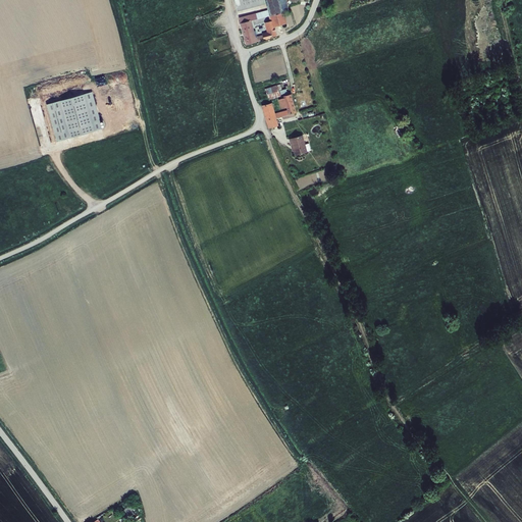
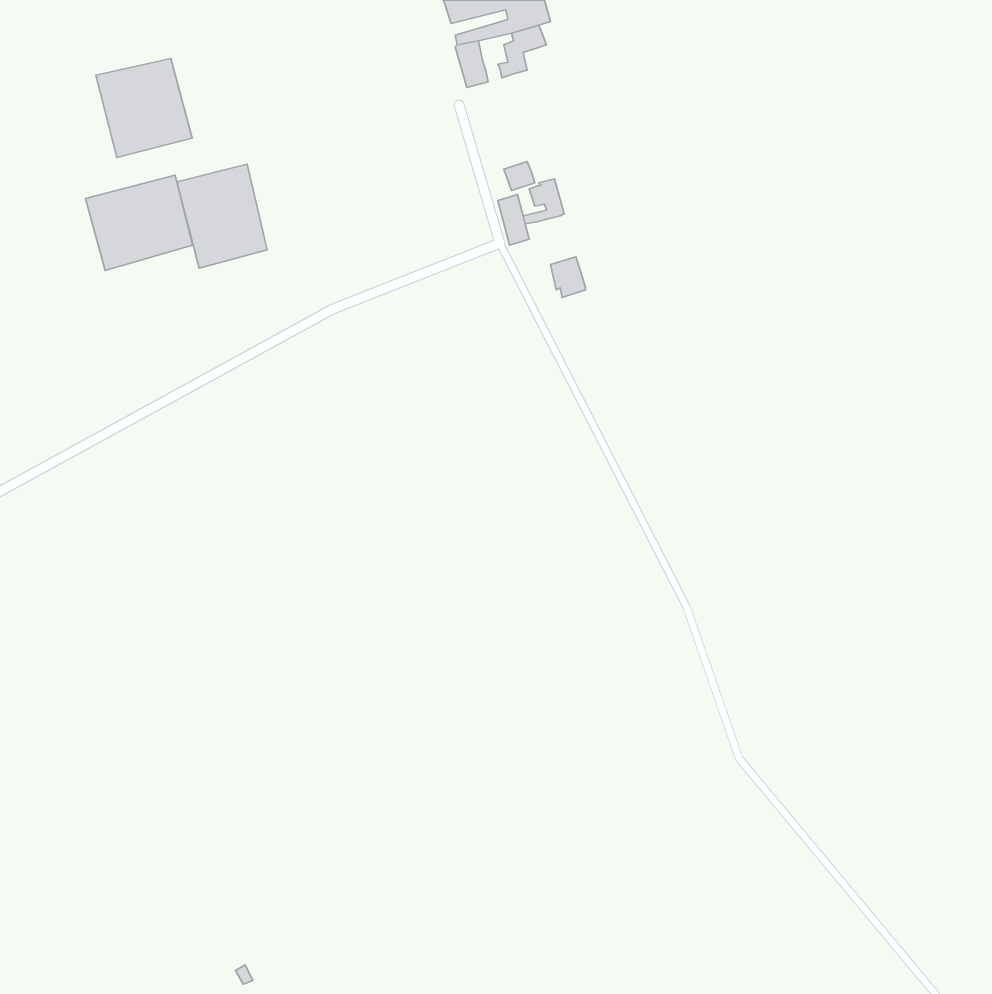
building: none -> [96,59,192,158]
building: none -> [177,164,267,268]

